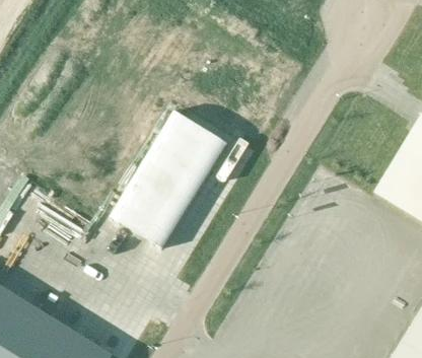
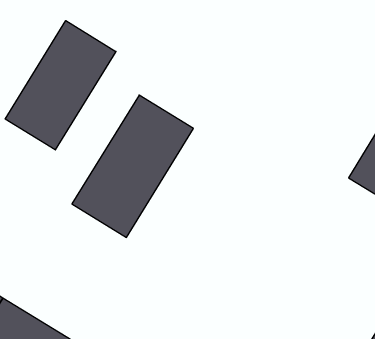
building: none -> [5,21,116,150]

